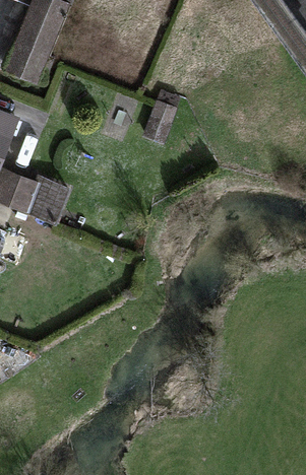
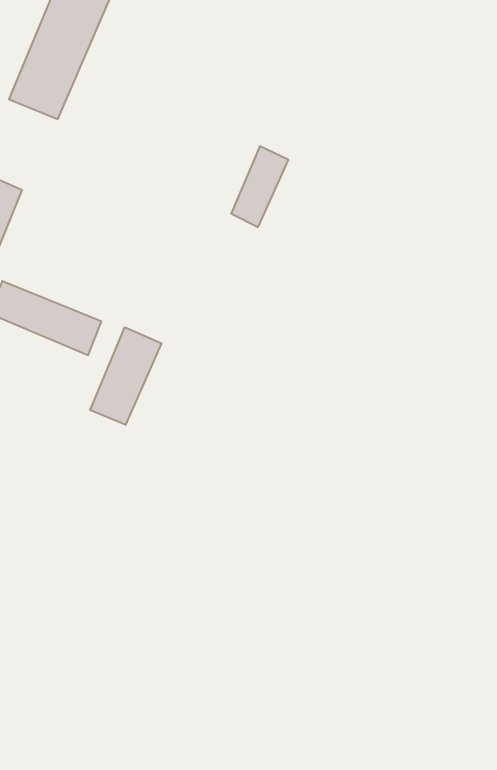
building: none -> [90,327,161,425]

